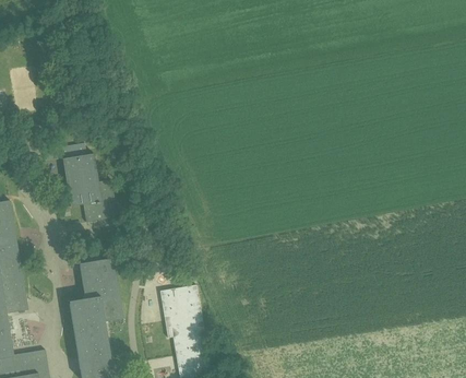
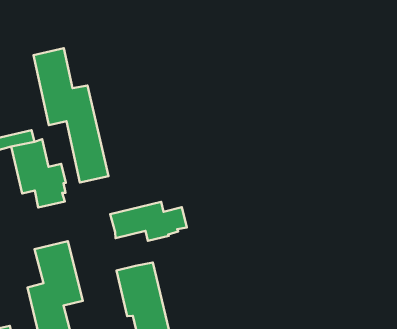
building: none -> [33,48,109,182]
building: none -> [110,202,187,241]

